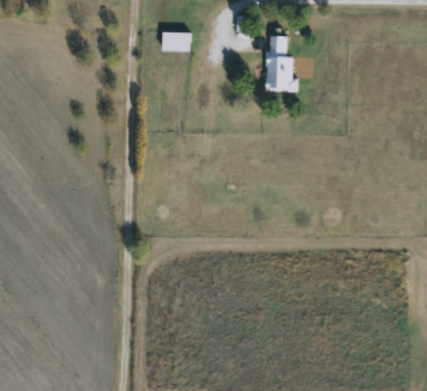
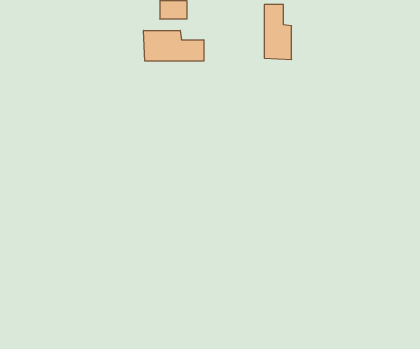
building: none -> [144,30,204,61]

